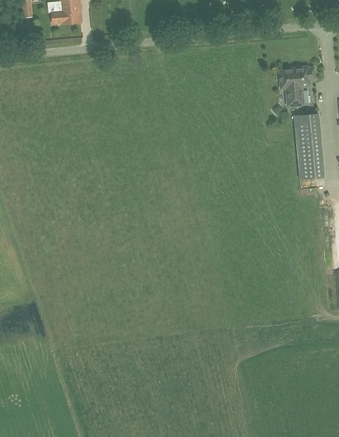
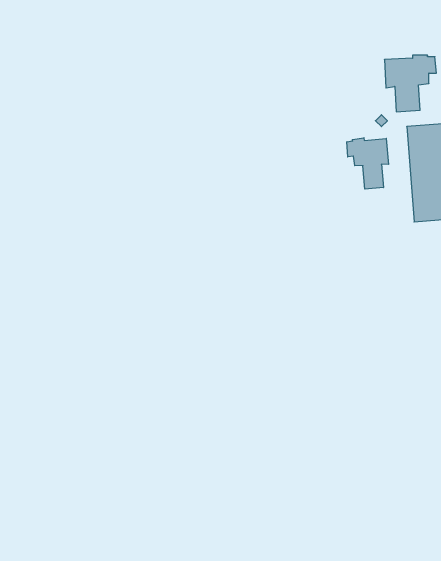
building: none -> [347,138,389,189]

